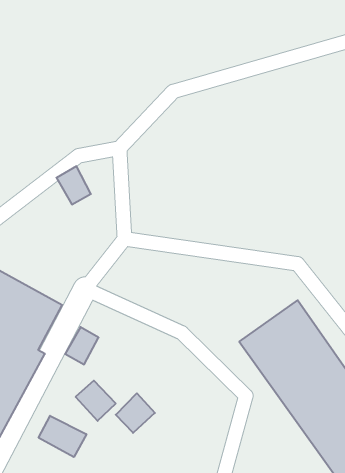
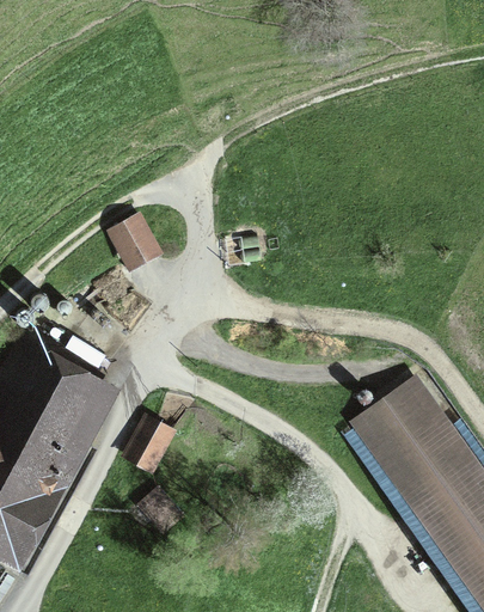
building: [116,393,155,433] -> none
building: [39,416,86,457] -> none

